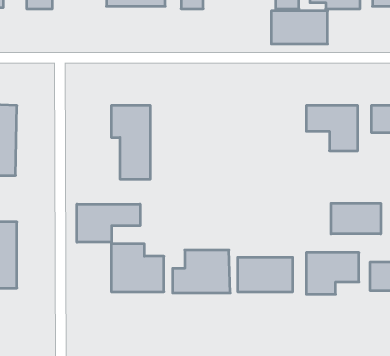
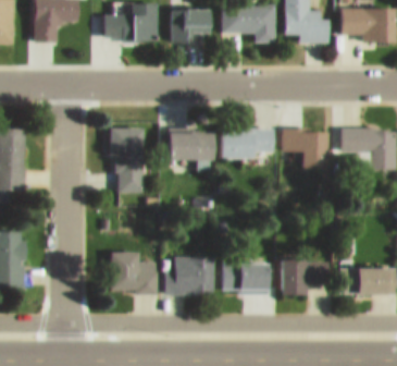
building: [271,11,328,44] -> [222,130,272,159]
building: none -> [166,130,215,160]
building: [331,203,381,234] -> none
building: [77,204,140,242] -> none

